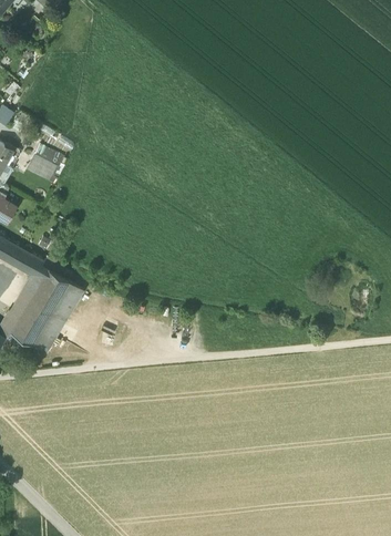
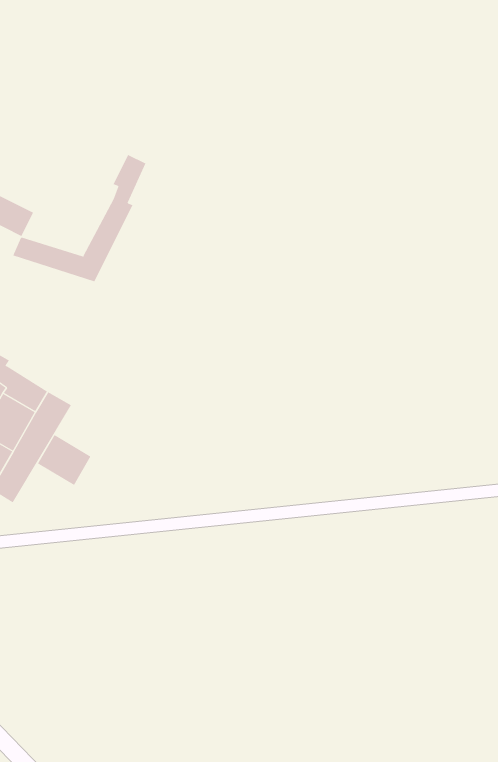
building: none -> [13,154,146,282]
building: none -> [37,434,91,486]

